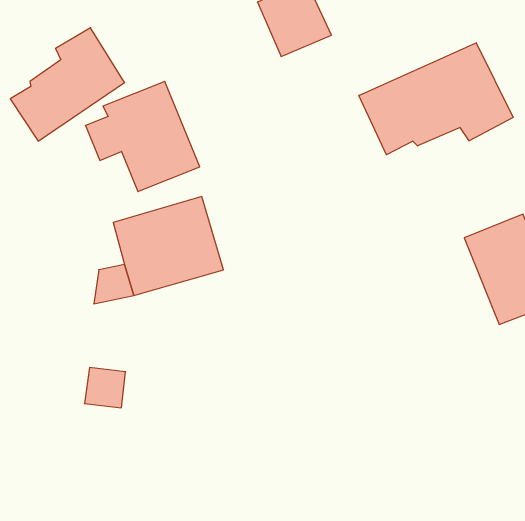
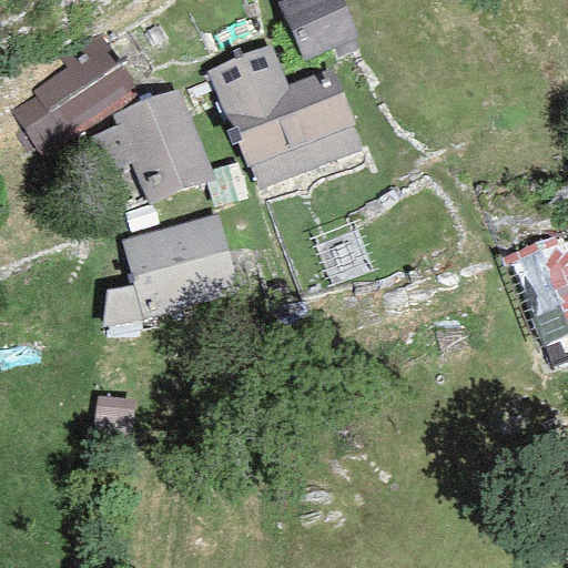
building: none -> [207,43,361,187]
building: [359,43,513,155] -> none

